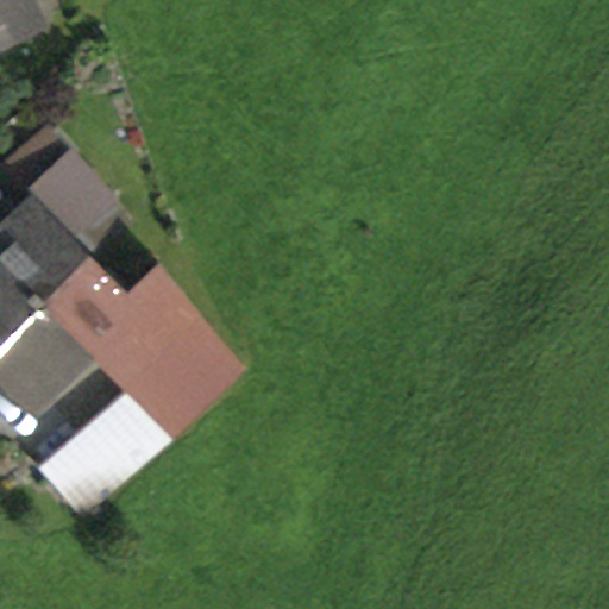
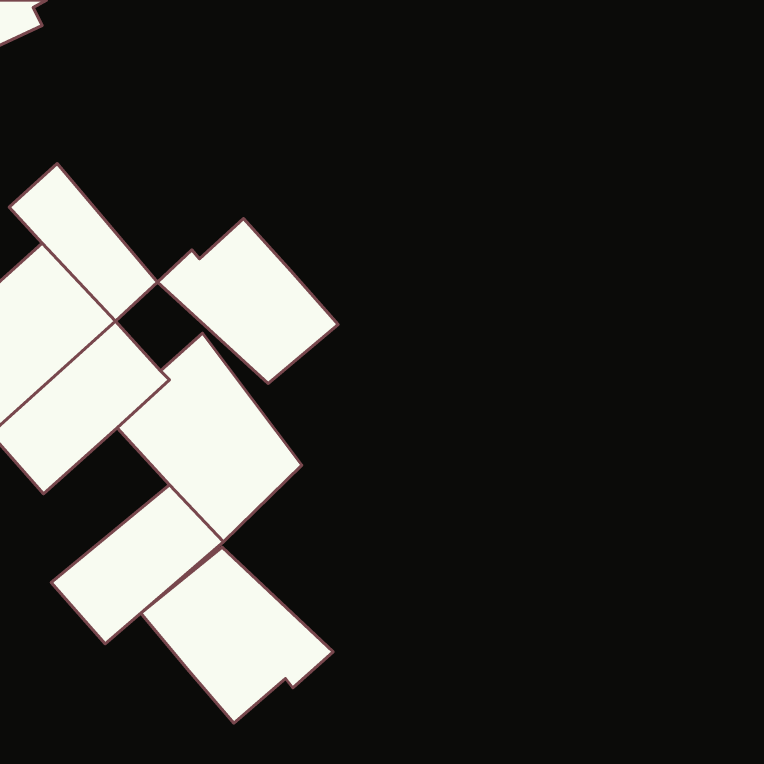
building: none -> [158,219,338,384]
building: none -> [141,547,333,723]

